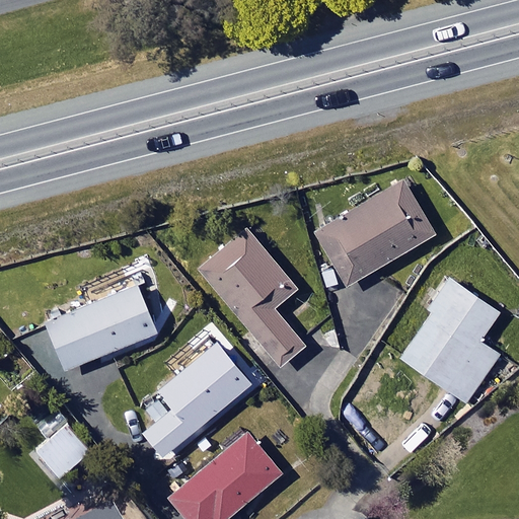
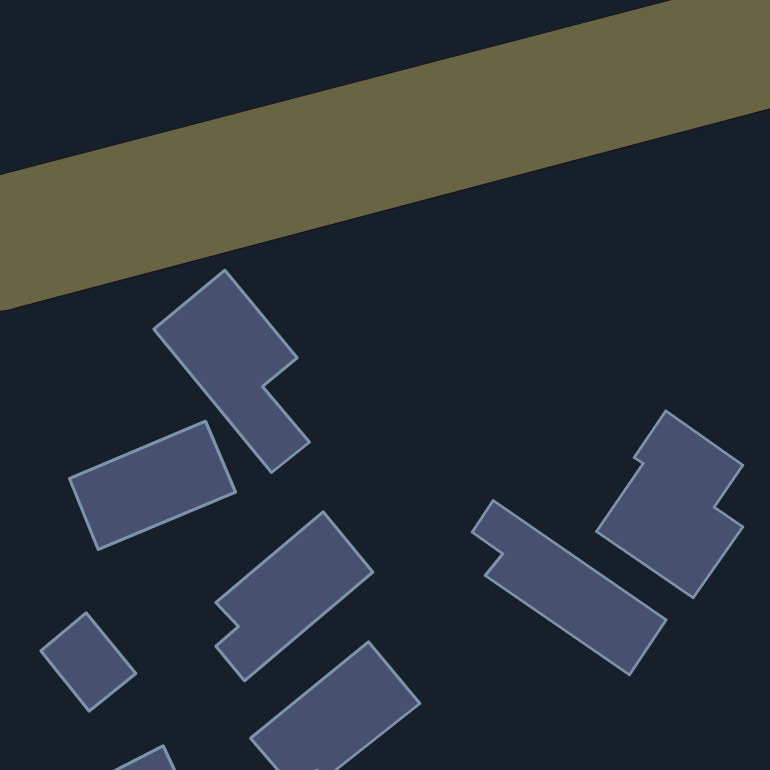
building: [312,180,435,288] -> none
building: [201,230,305,366] -> [154,270,309,472]
building: none -> [472,501,666,675]

